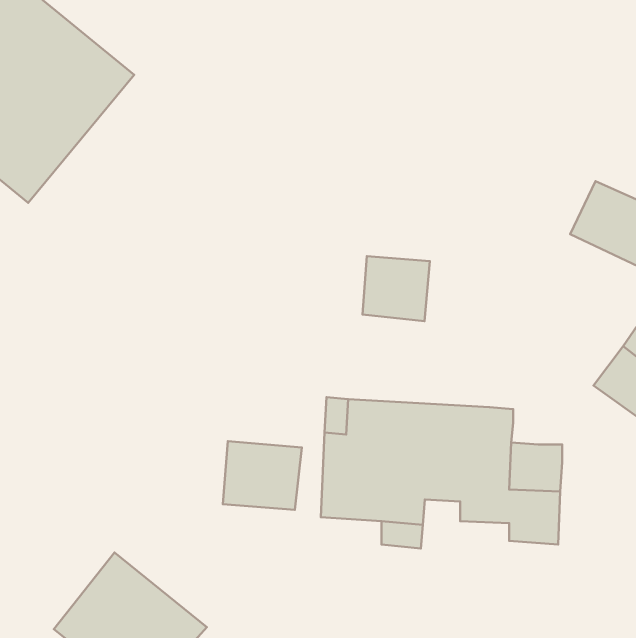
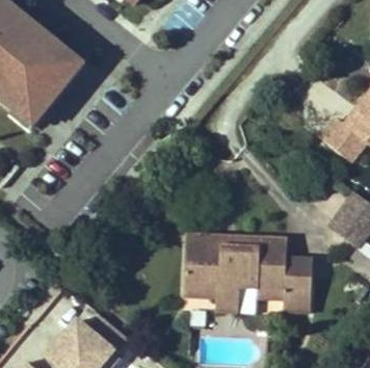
building: [362,256,430,321] -> none
building: [223,441,302,510] -> none

